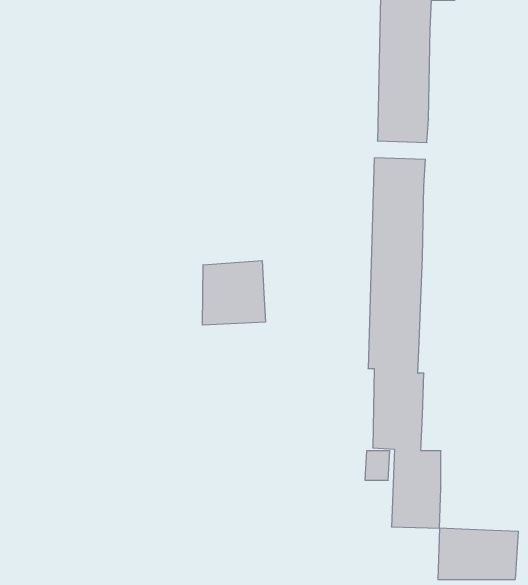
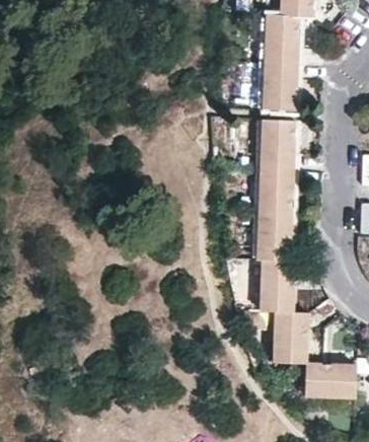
building: [203,261,265,325] -> none

